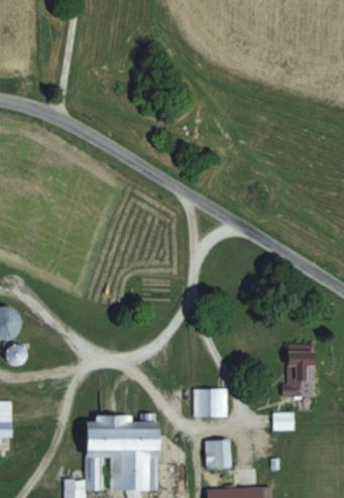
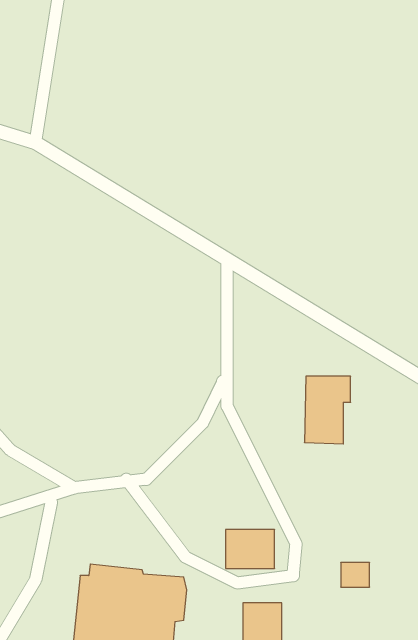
building: [284,350,317,397] -> [304,376,351,444]

